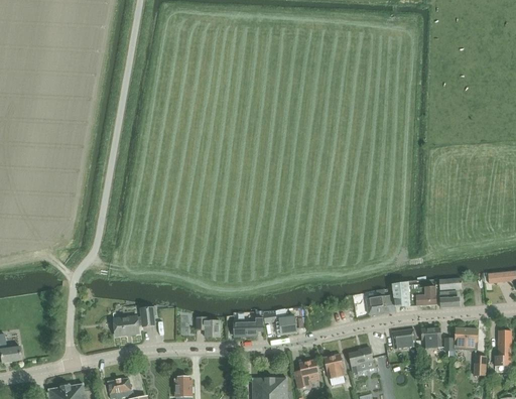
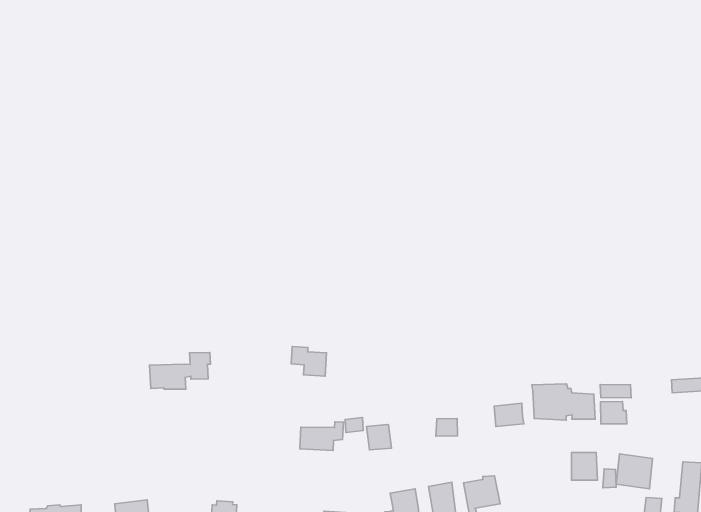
building: [113,307,155,335] -> [149,353,211,389]
building: [196,317,220,337] -> [291,347,327,376]
building: [391,328,415,350] -> none

